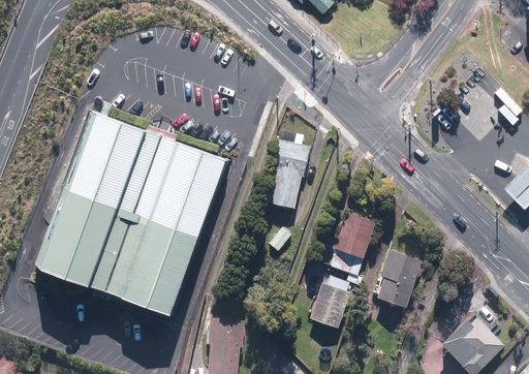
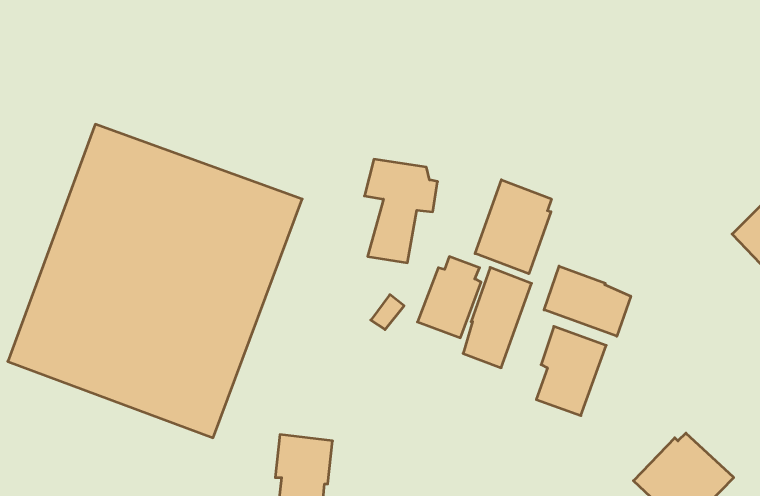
building: none -> [475,180,551,274]
building: none -> [544,266,631,336]
building: [310,273,351,325] -> [417,257,481,338]

